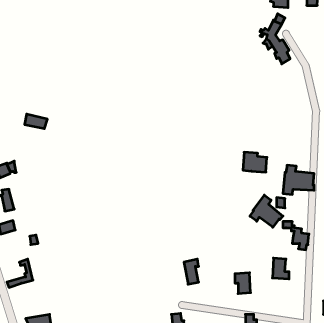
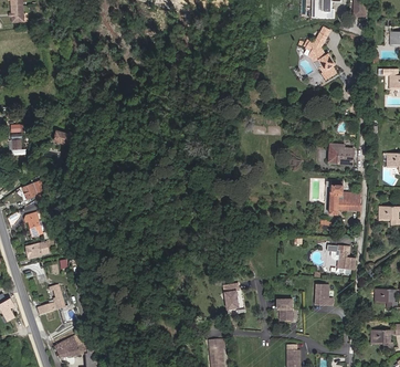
building: [243,152,267,172] -> [329,143,355,164]
building: [250,195,283,227] -> none

